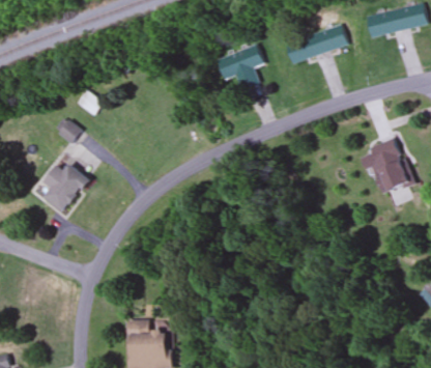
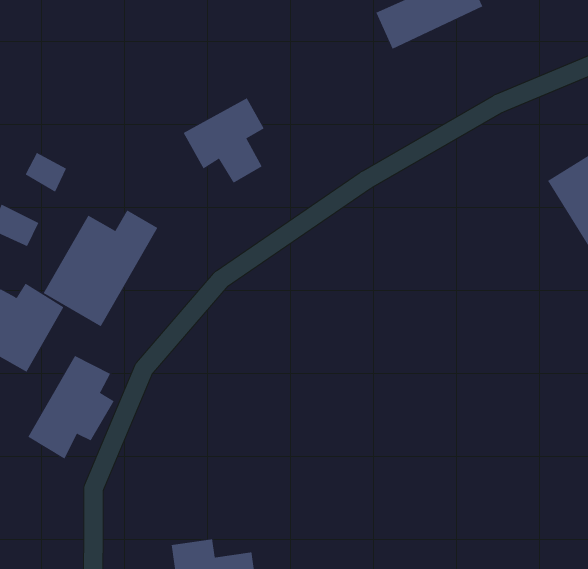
building: [216,45,261,91] -> [183,97,265,184]
building: none -> [43,210,158,327]
building: none -> [28,355,115,459]

